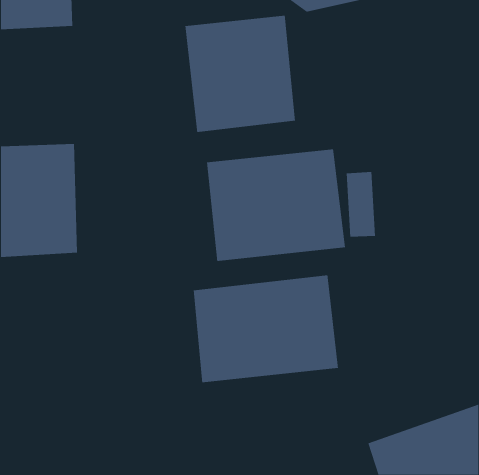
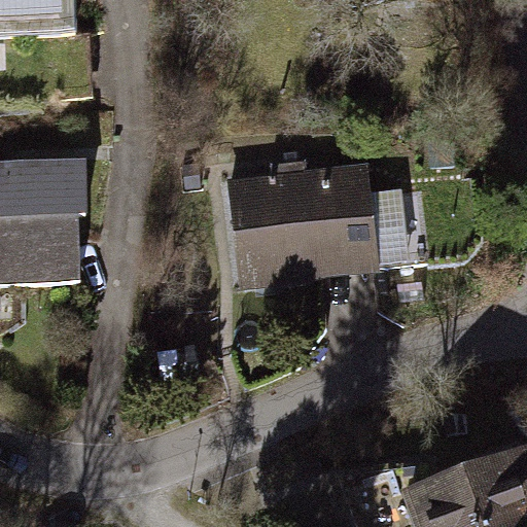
building: [185,15,296,133] -> none
building: [193,275,339,383] -> none

